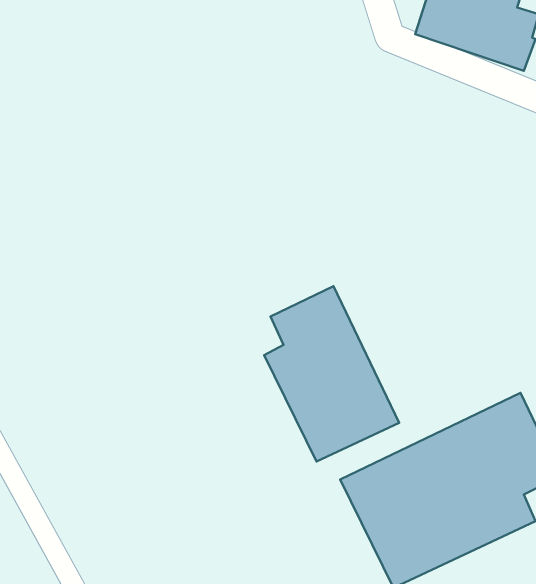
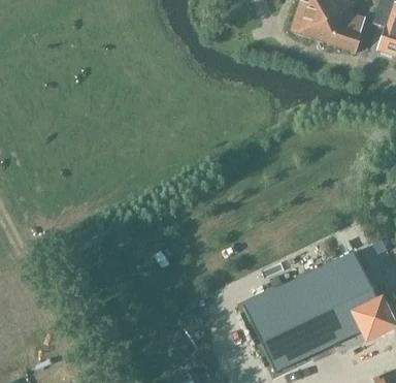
building: [264,286,399,462] -> none

